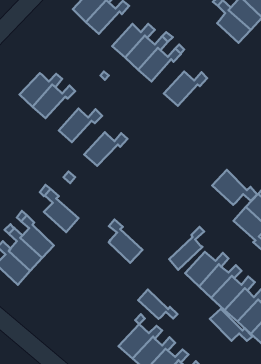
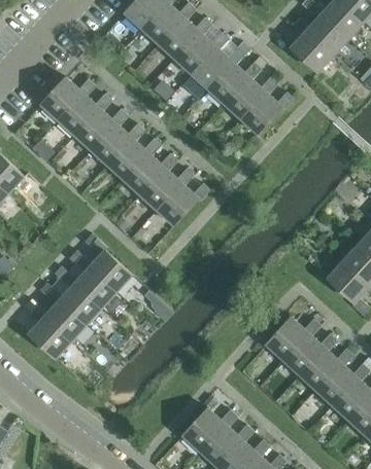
building: none -> [158,16,211,60]
building: none -> [291,19,333,73]
building: none -> [224,76,277,119]
building: none -> [40,77,95,120]
building: none -> [91,123,144,166]
building: none -> [124,153,177,195]
building: none -> [156,183,210,226]
building: [212,170,257,205] -> none
building: [109,219,142,263] -> [74,255,116,310]
building: [169,227,204,270] -> none
building: [138,290,177,319] -> none
building: [210,309,253,341] -> none

